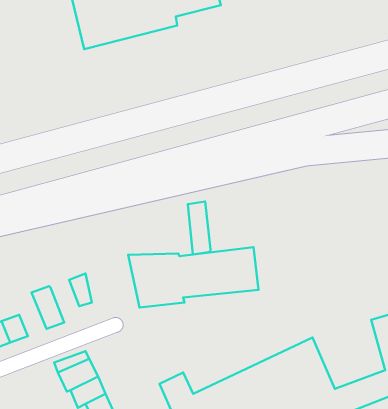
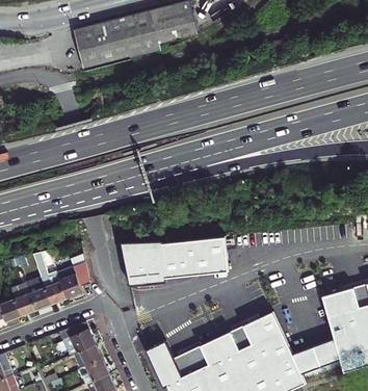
building: [188,201,211,254] -> none
building: none -> [56,263,83,298]
building: none -> [26,273,53,310]

